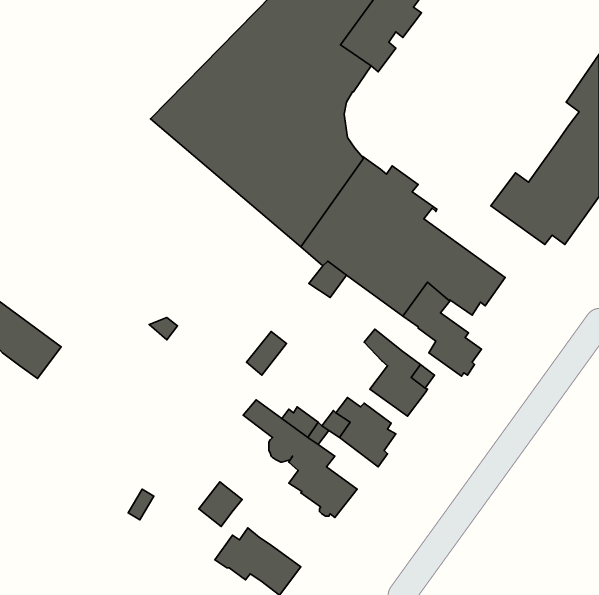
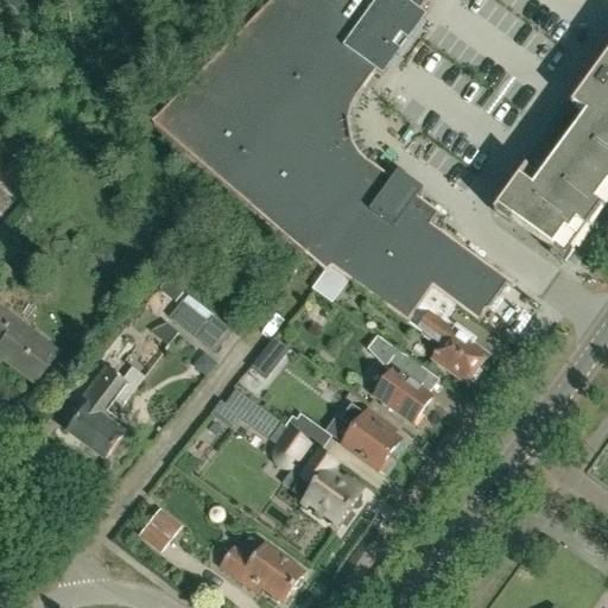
building: none -> [170,299,230,350]
building: none -> [68,365,142,457]
building: none -> [213,387,259,425]
building: [199,482,242,526] -> [138,506,182,551]

